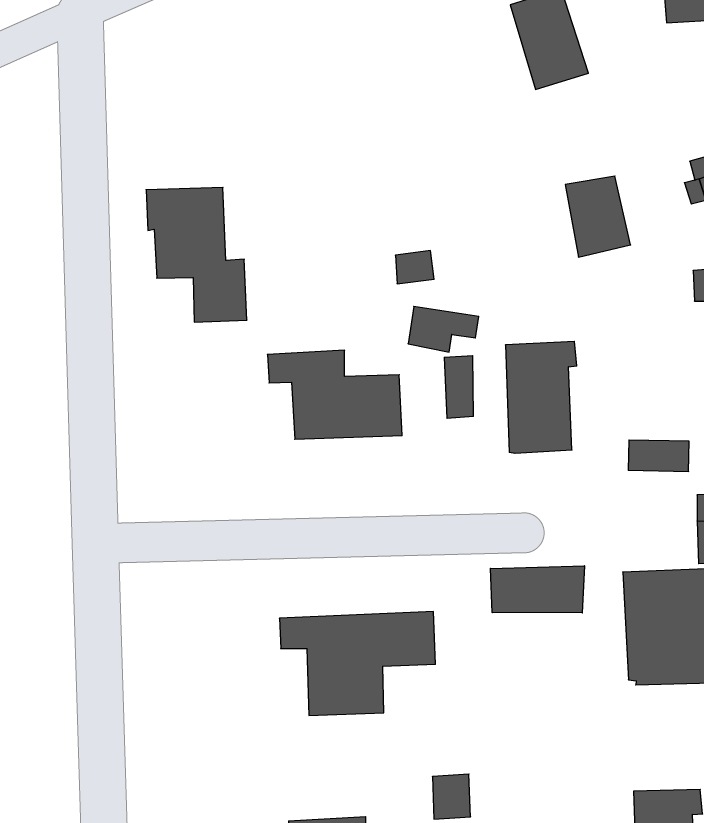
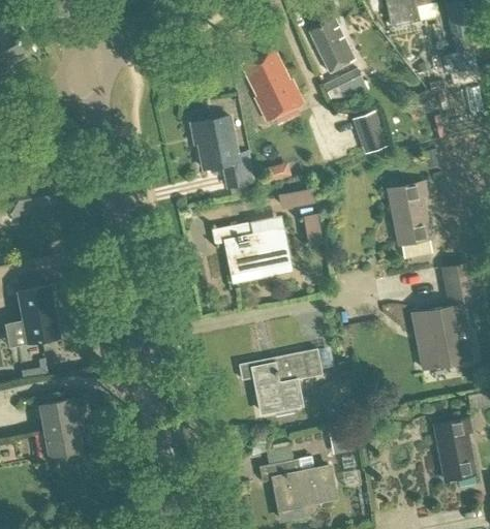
building: none -> [242,51,302,120]
building: none -> [324,68,366,102]
building: [146,187,247,322] -> [190,117,252,188]
building: [505,341,577,453] -> [388,182,430,244]
building: [490,566,584,613] -> none

